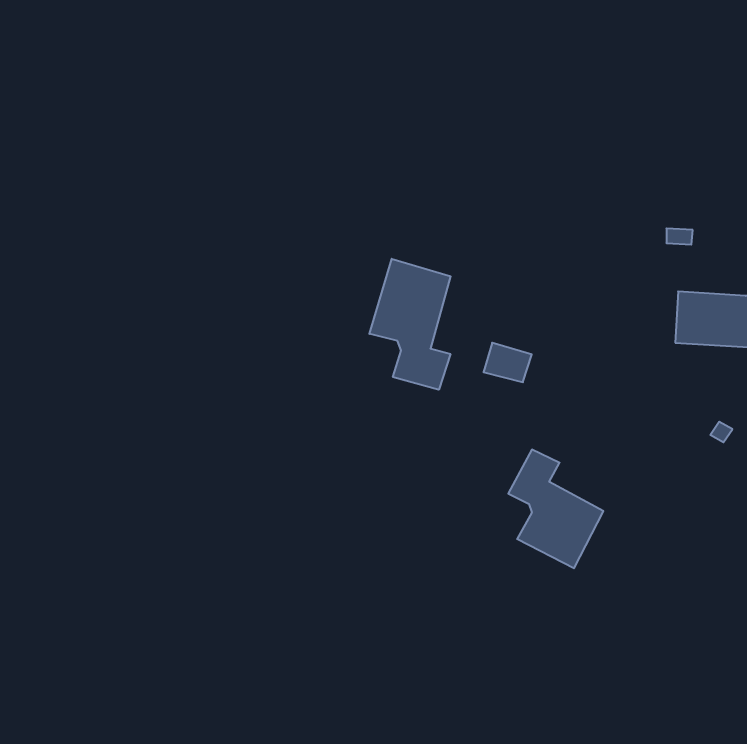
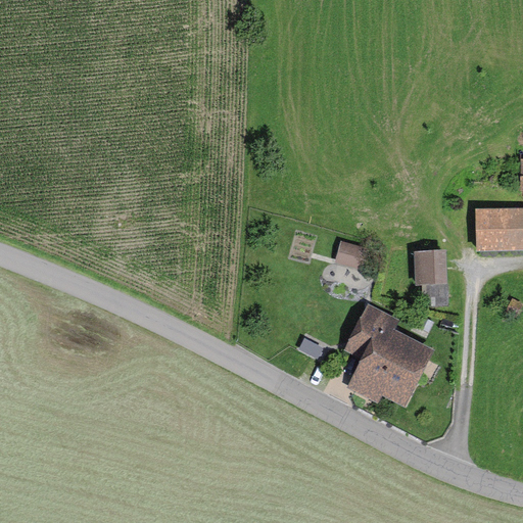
building: [369,259,451,390] -> none
building: none -> [418,258,447,307]

